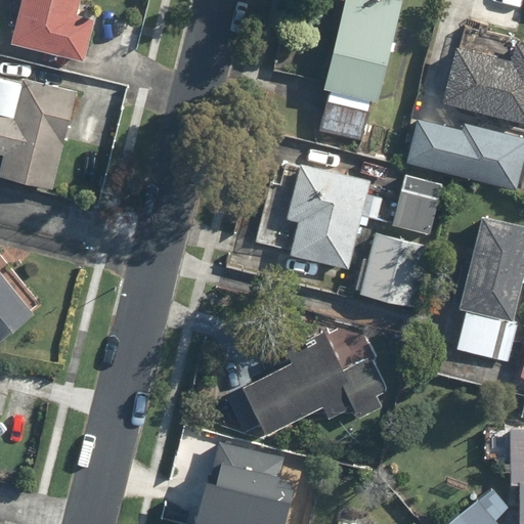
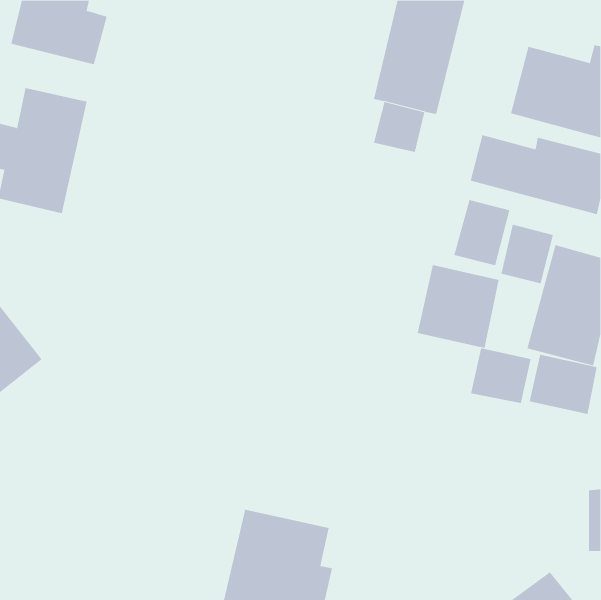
building: [287,162,374,272] -> none
building: none -> [501,224,553,284]
building: none -> [470,347,531,404]
building: [230,337,385,432] -> none

